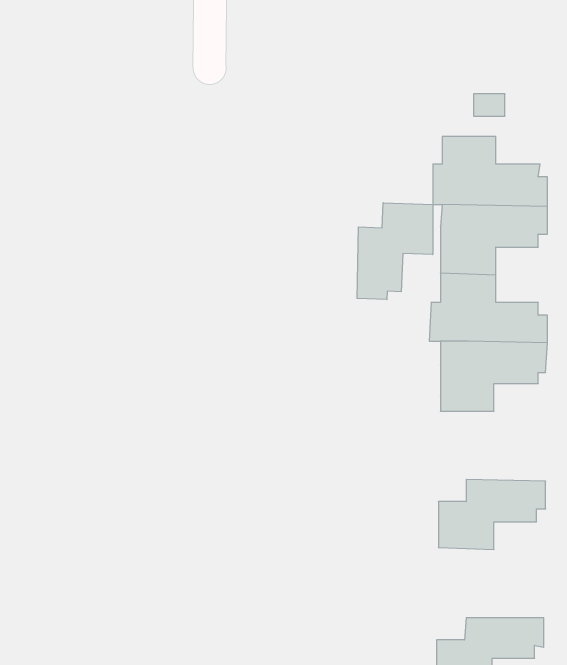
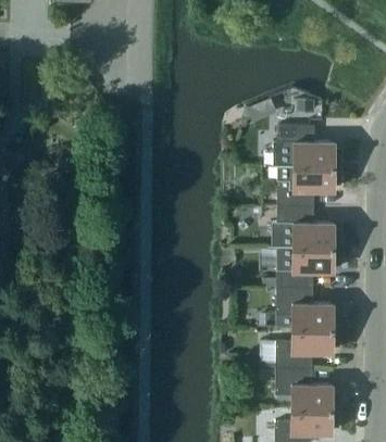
building: [357,203,433,300] -> none
building: none -> [275,287,338,328]
building: none -> [275,367,337,408]

